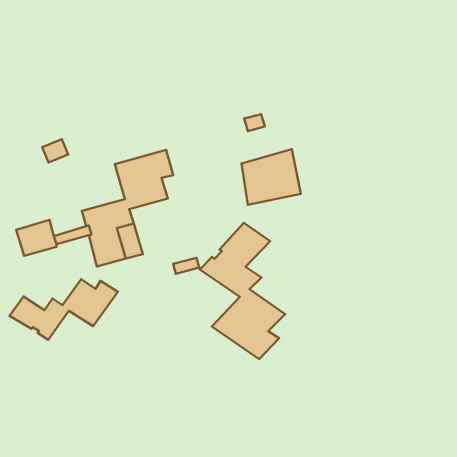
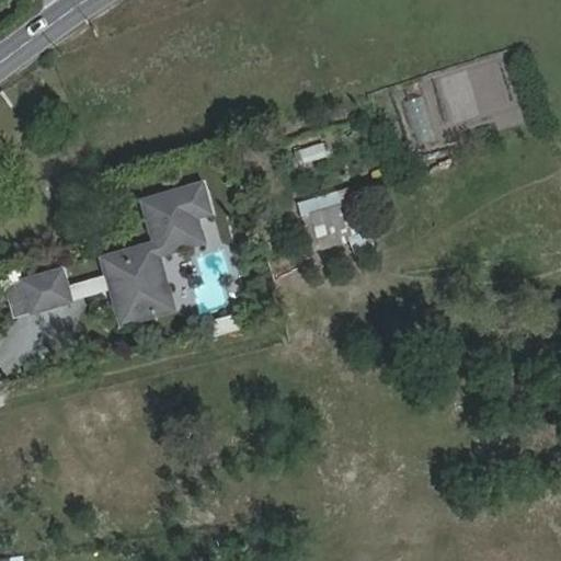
building: [200,223,285,359] -> none
building: [10,279,118,340] -> none

